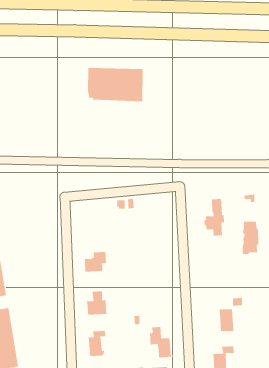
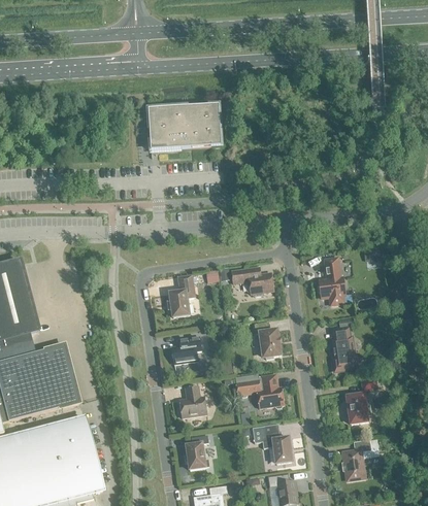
building: none -> [232,268,273,295]
building: none -> [168,273,195,315]
building: [242,221,259,255] -> [332,327,355,370]
building: none -> [254,319,281,358]
building: none -> [235,372,285,407]

